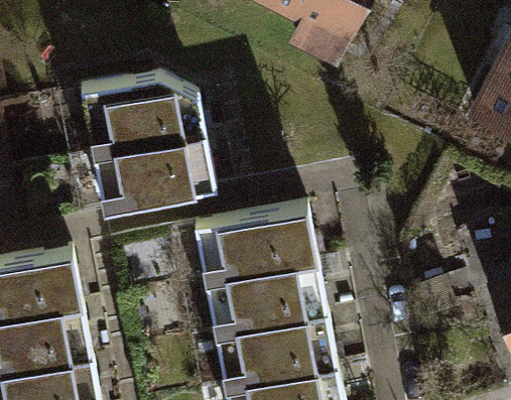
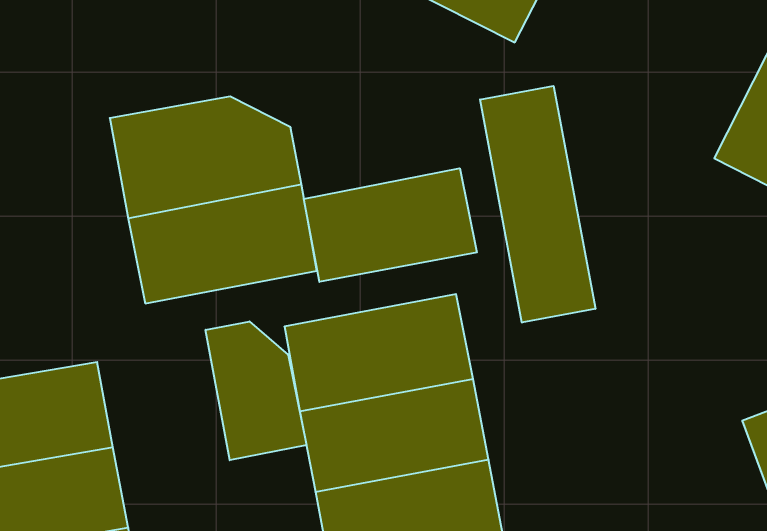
building: none -> [480,86,595,323]
building: none -> [304,168,477,282]
building: none -> [206,321,306,460]

